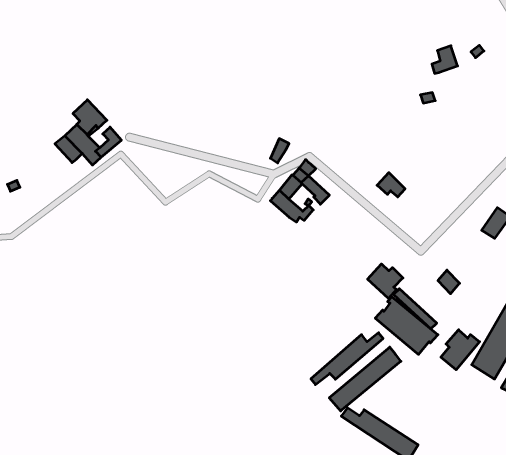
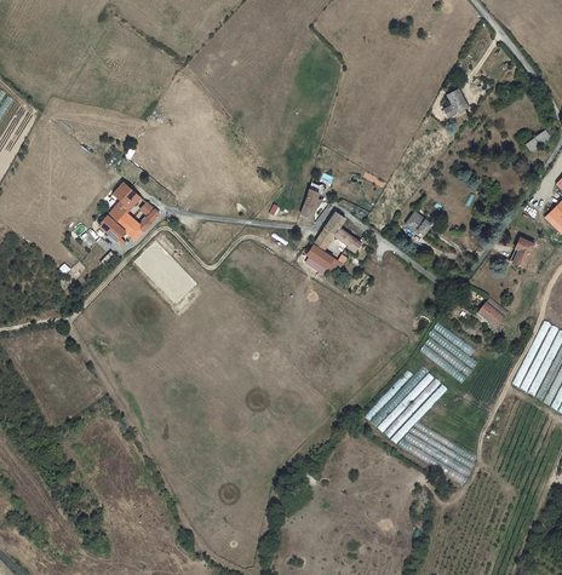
building: [368,264,403,298] -> none
building: [441,330,480,370] -> none

